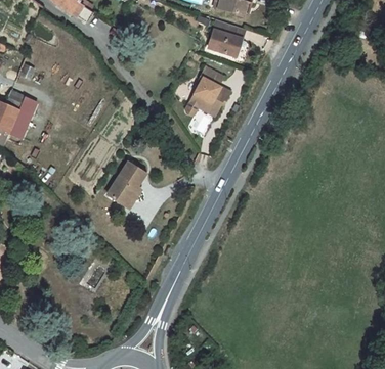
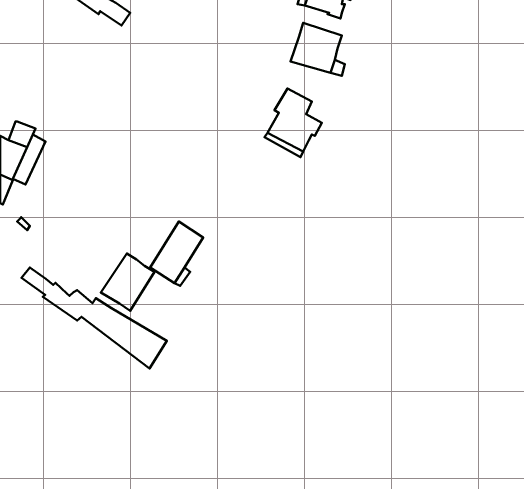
building: none -> [101,253,154,311]
building: none -> [21,268,167,369]

